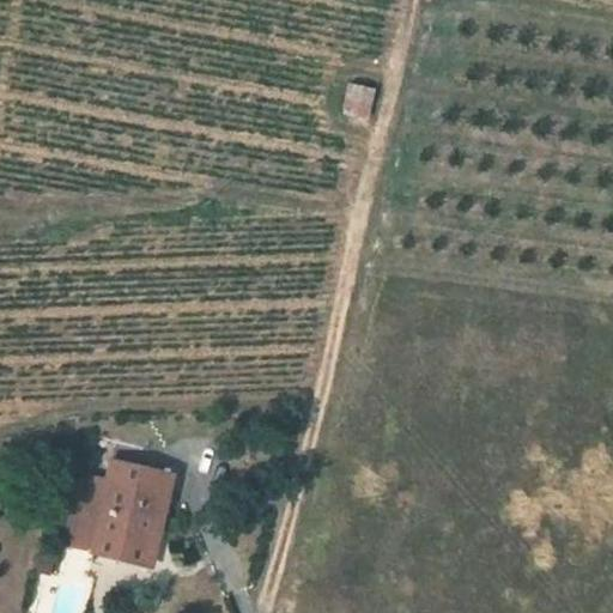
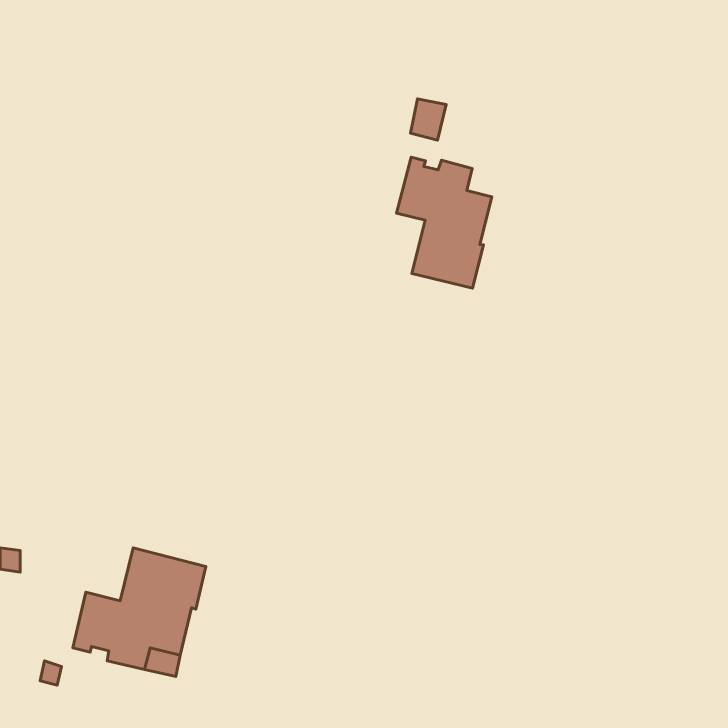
building: none -> [397,157,492,288]

